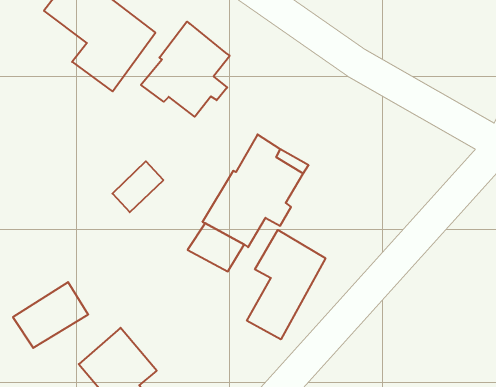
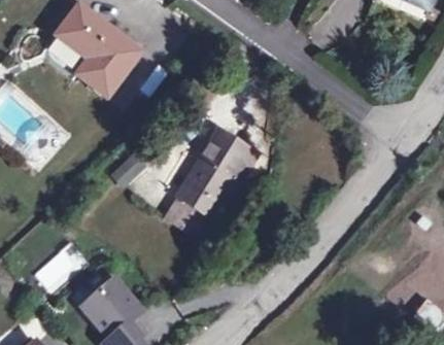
building: [141,22,230,117] -> none
building: [247,230,325,339] -> none

